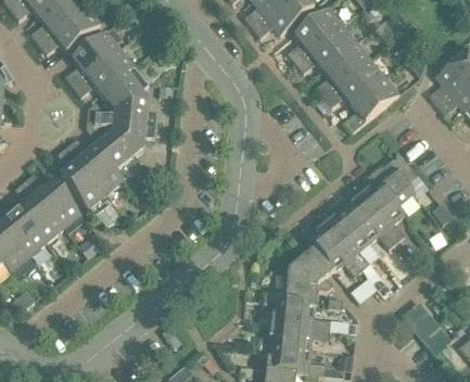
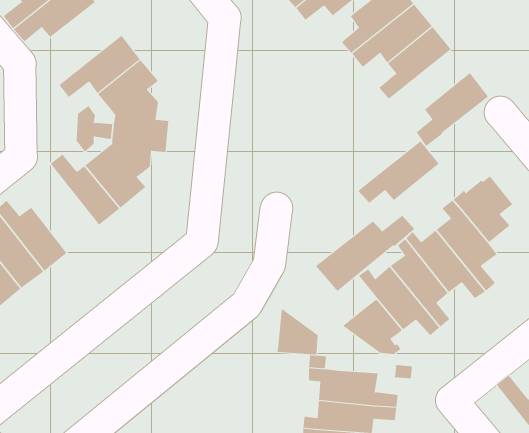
building: [65,30,120,87] -> none
building: [322,60,384,107] -> [358,141,439,204]
building: [56,147,103,206] -> none
building: none -> [315,215,415,292]
building: [284,269,316,305] -> [277,308,318,355]

